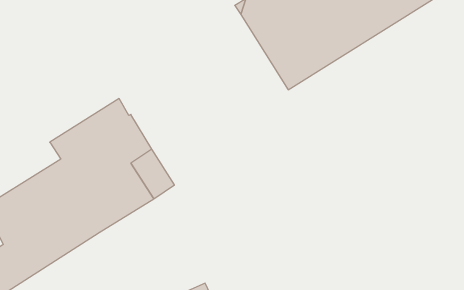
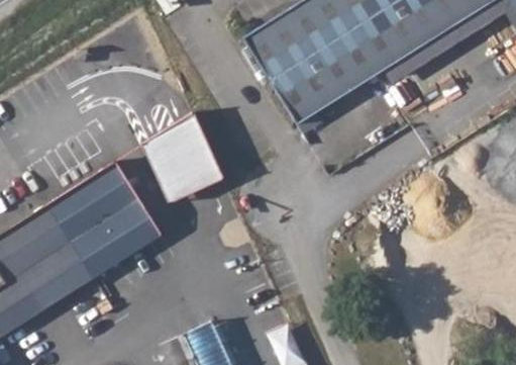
building: none -> [143,113,224,203]

